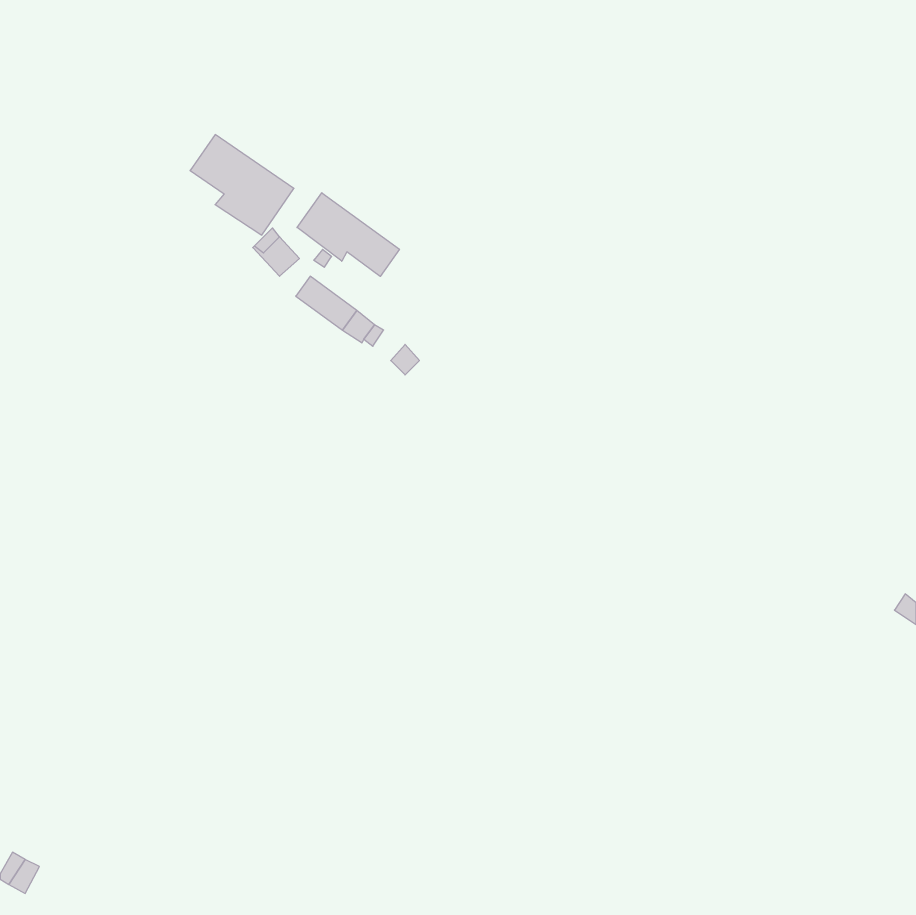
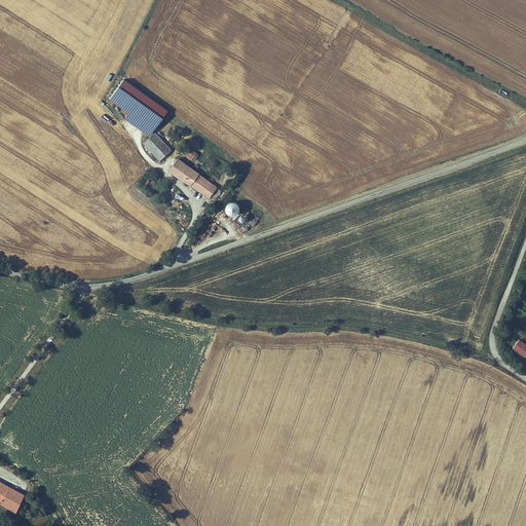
building: [297,193,399,276] -> none

